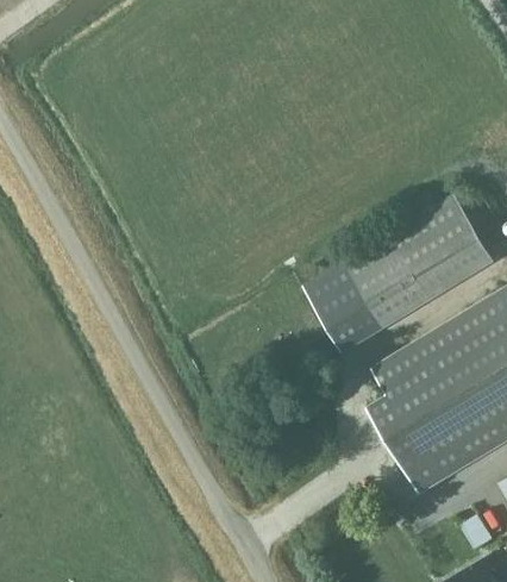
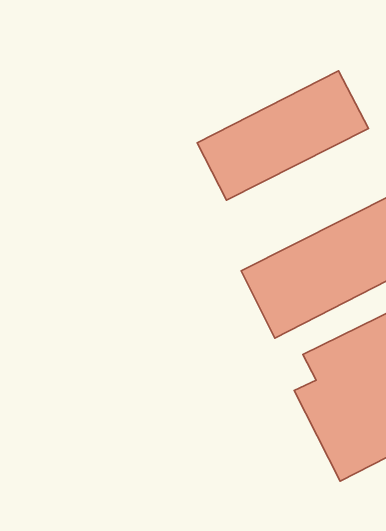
building: none -> [197,71,368,200]

